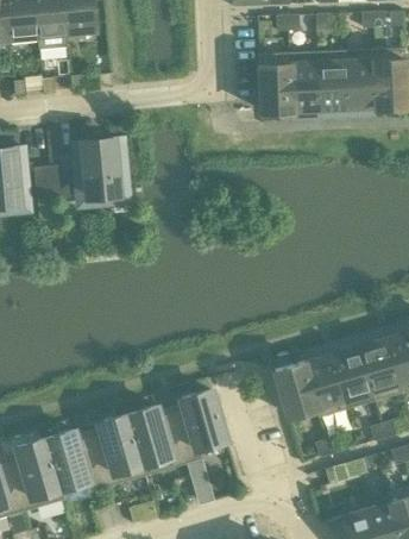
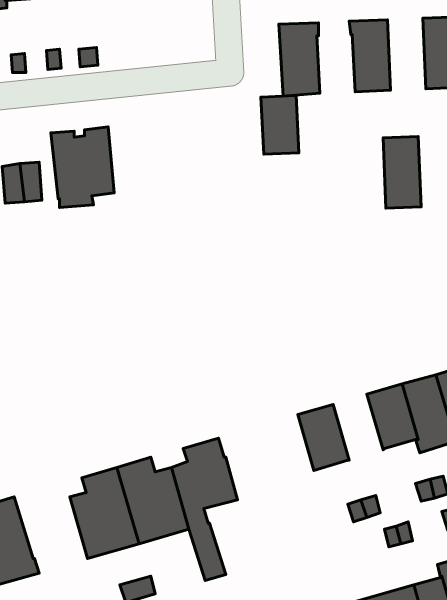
building: [347,49,378,107] -> [383,136,421,208]
building: [290,62,321,109] -> [261,96,299,154]
building: [303,353,348,416] -> none
building: [45,428,105,491] -> none

